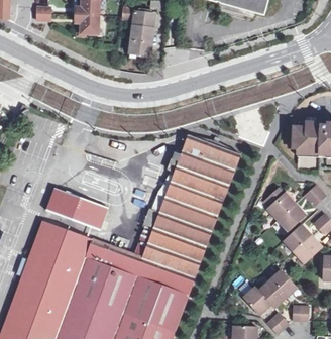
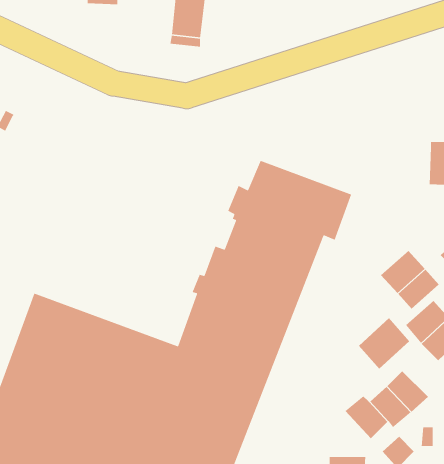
building: [46,187,108,229] -> none
building: none -> [358,317,410,369]

